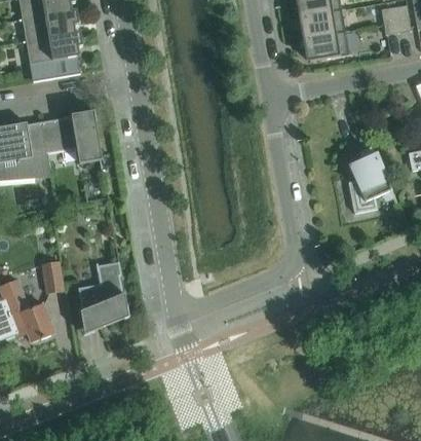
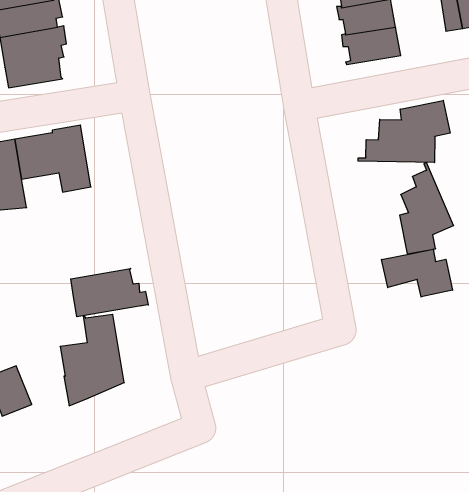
building: none -> [358,100,450,163]
building: none -> [382,249,453,297]
building: none -> [71,268,148,317]
building: [41,260,64,293] -> none

